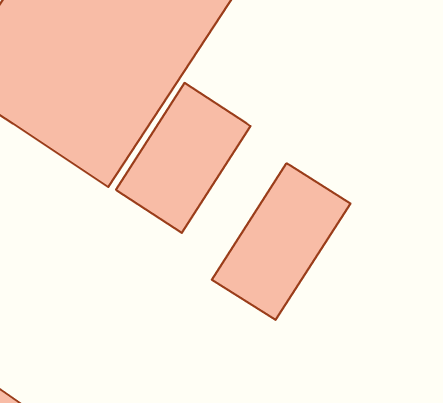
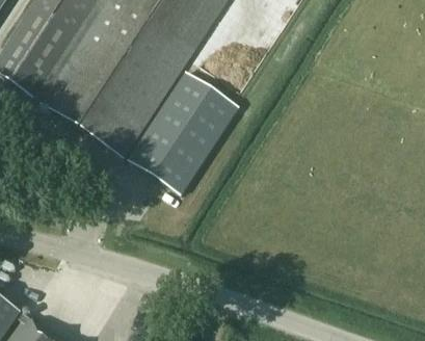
building: [212,163,350,320] -> none

